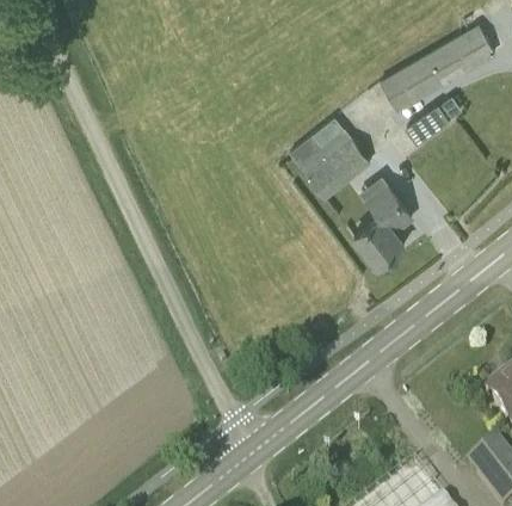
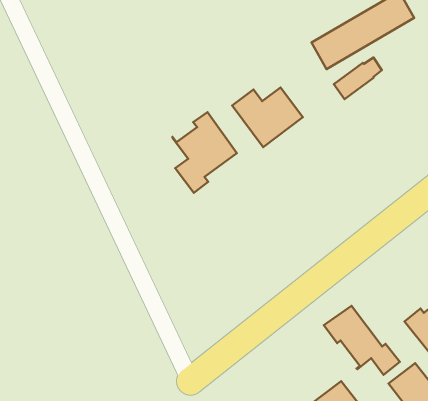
building: none -> [172,112,237,193]
building: [354,181,413,264] -> none
building: none -> [324,306,400,375]

